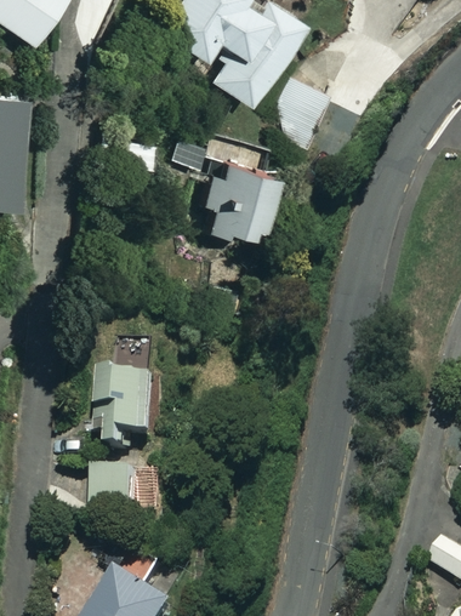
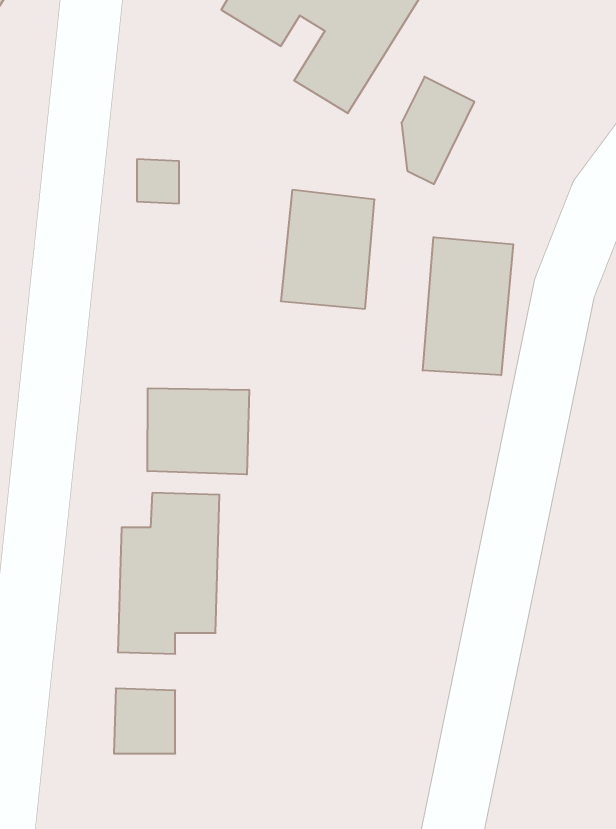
building: none -> [423,237,513,375]
building: none -> [147,388,249,475]

